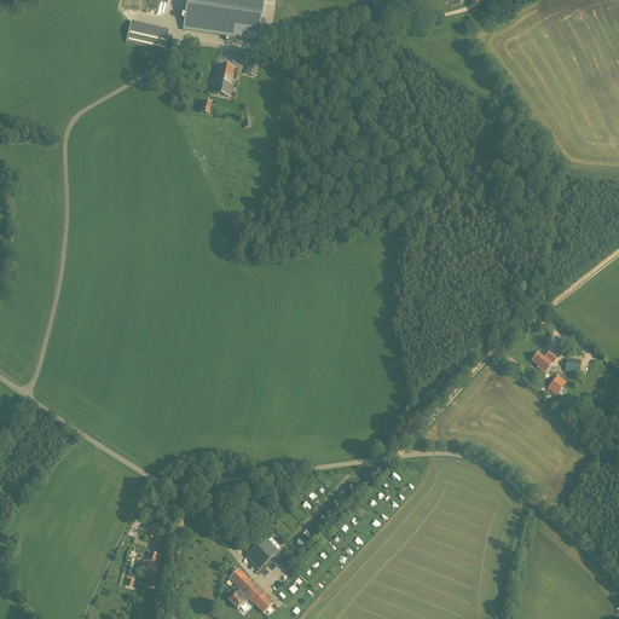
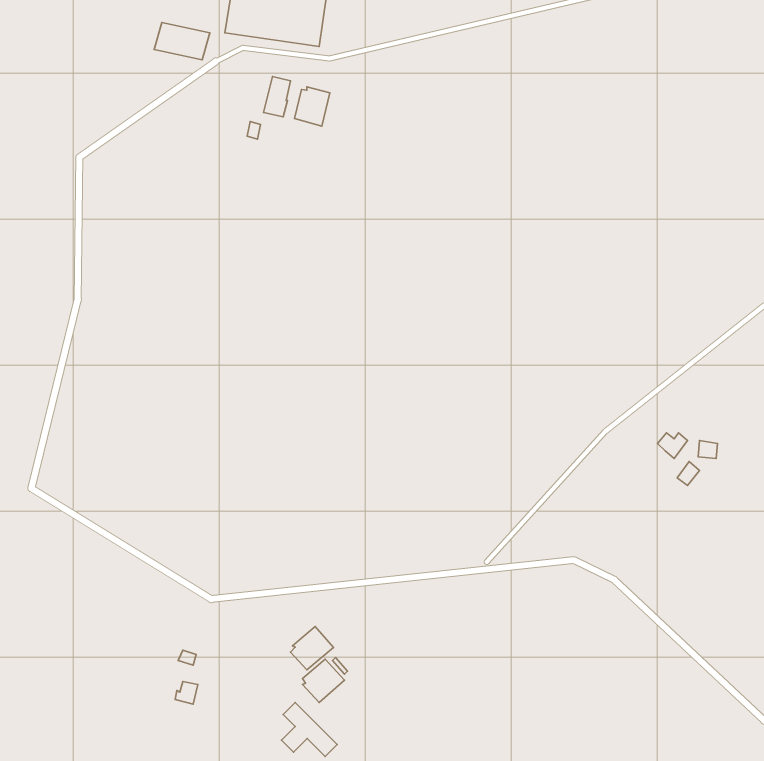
building: none -> [294,87,330,126]
building: none -> [291,627,333,670]

